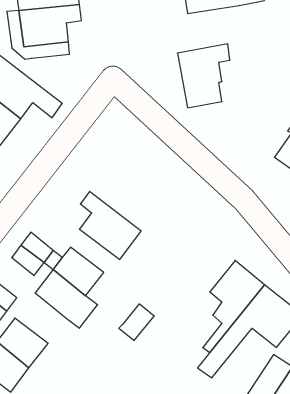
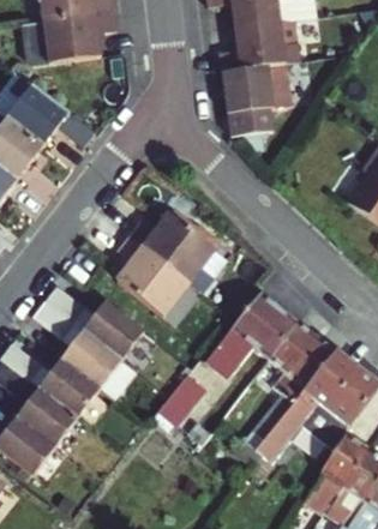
building: none -> [227,17,308,73]
building: none -> [125,215,222,284]
building: none -> [203,289,298,366]
building: none -> [36,357,98,417]

